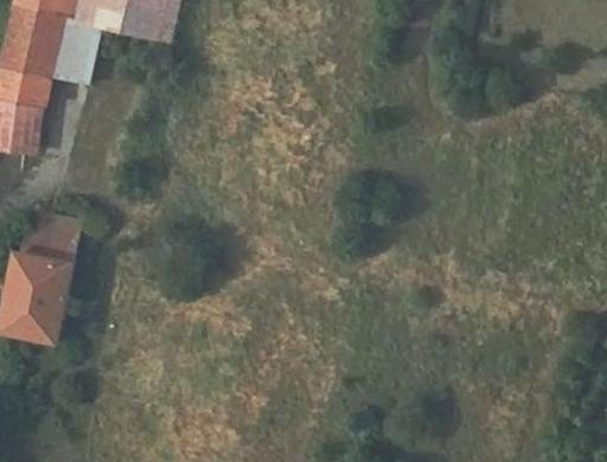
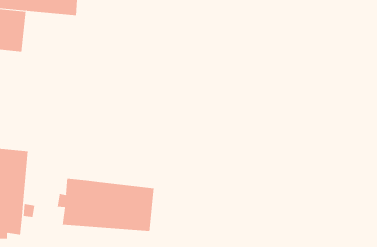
building: none -> [57,178,154,232]

